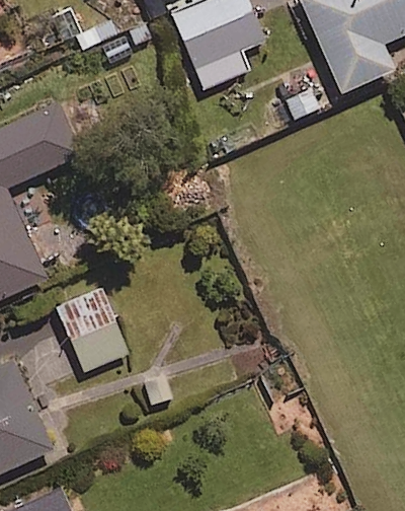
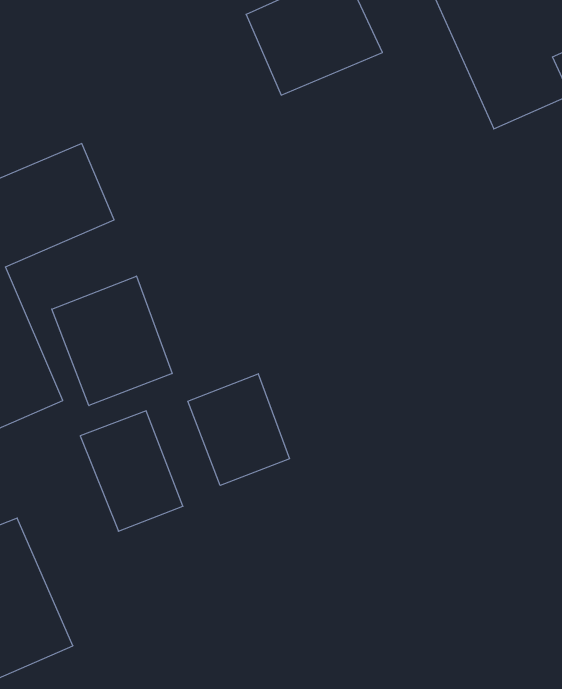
building: none -> [52,276,172,406]
building: none -> [188,374,289,485]

